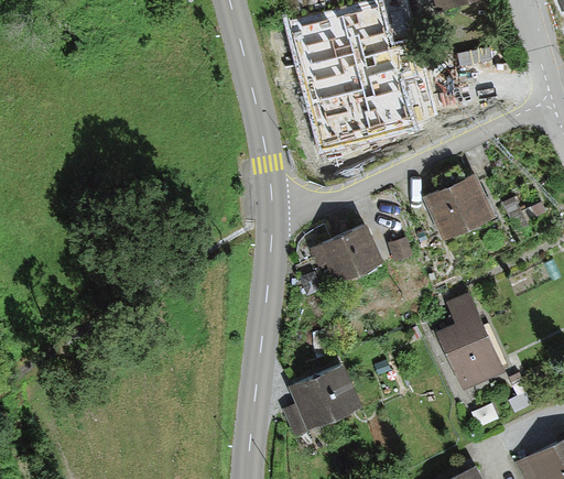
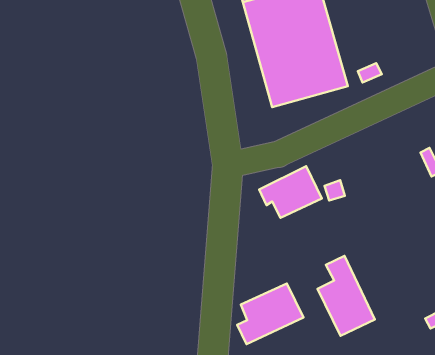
building: [424,165,497,239] -> none
building: [436,293,505,389] -> [318,256,375,336]

